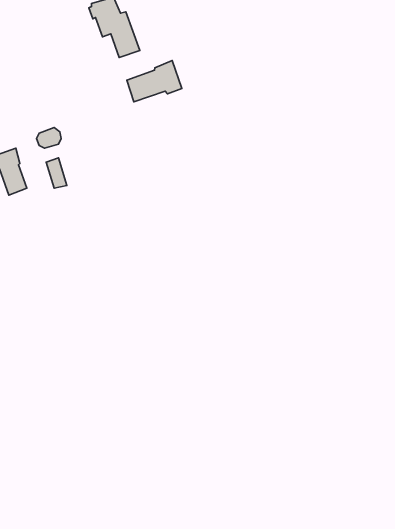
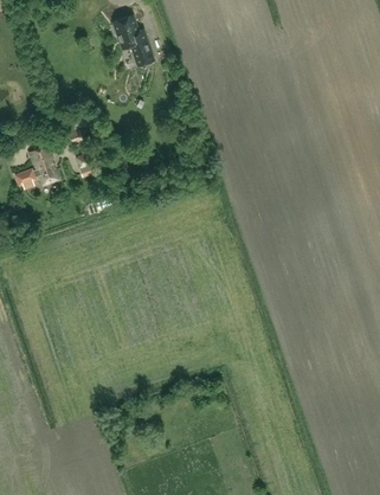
building: [127,60,182,102] -> none

